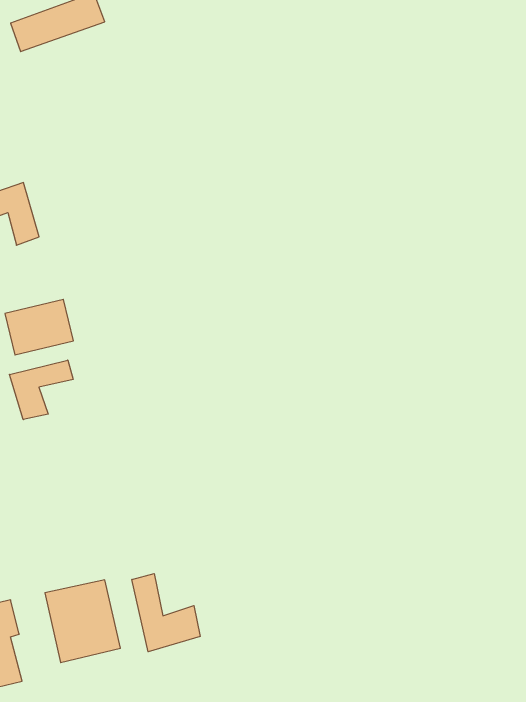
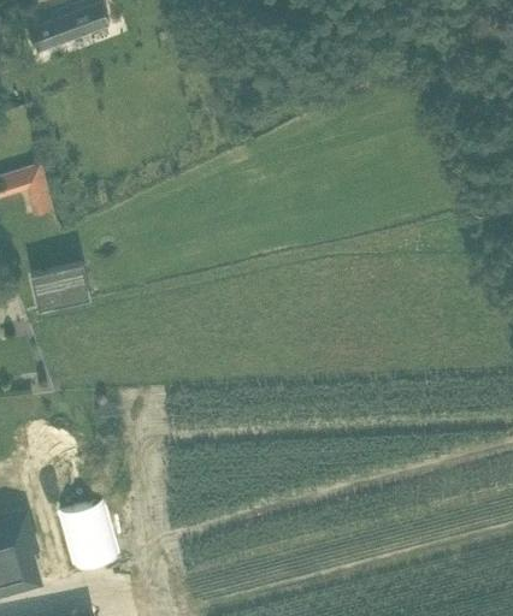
building: [9,360,73,420] -> none
building: [132,574,200,652] -> none

